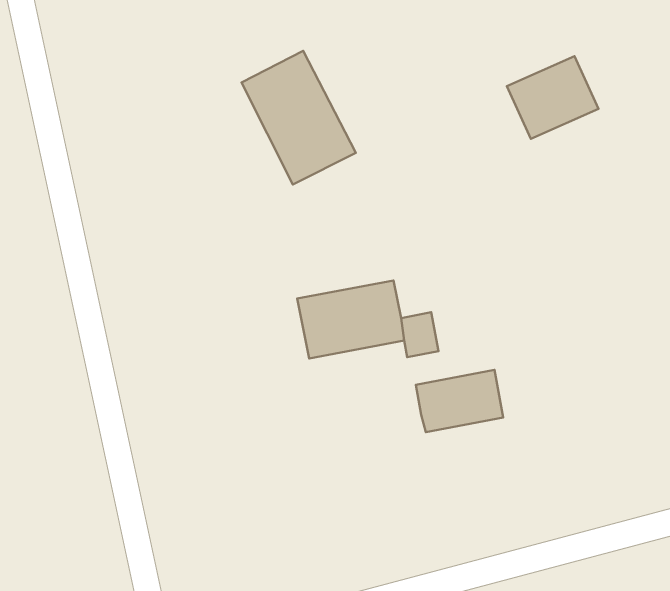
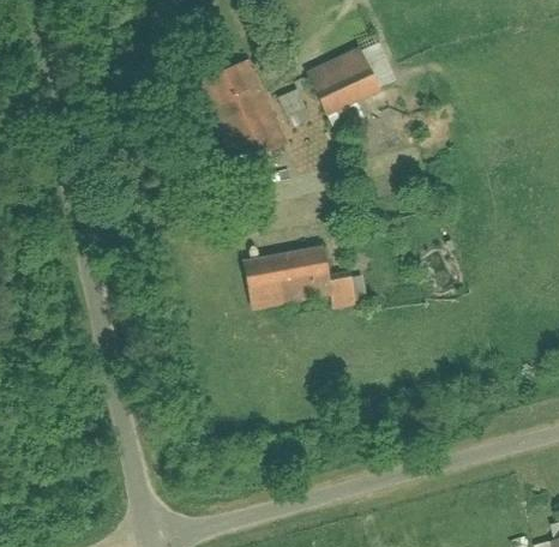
building: [507,56,599,139] -> [308,48,381,114]
building: [416,370,503,432] -> none

